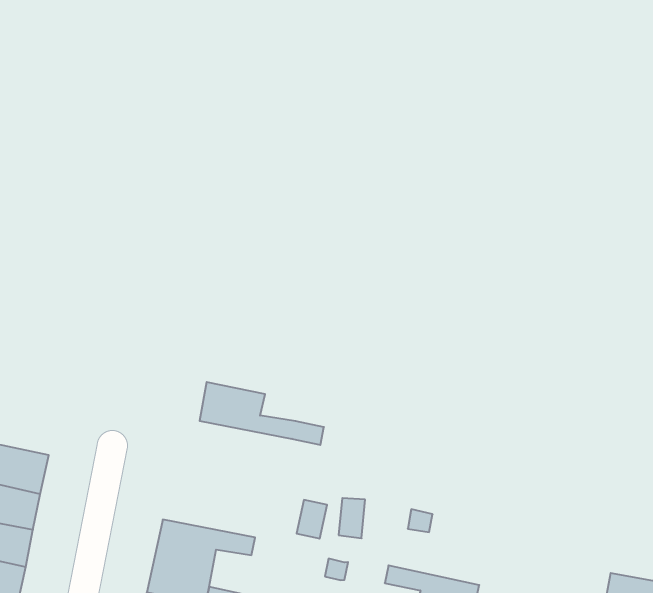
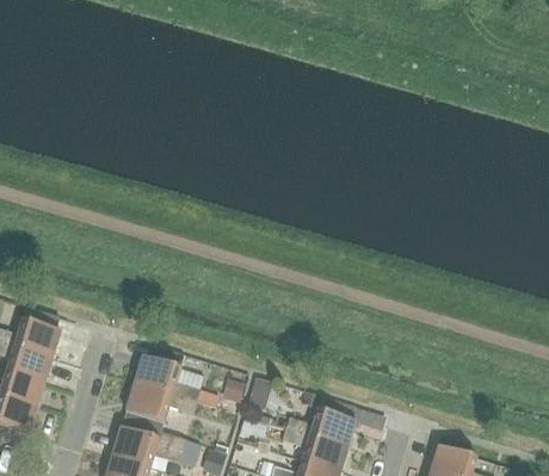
building: [200,382,324,445] -> [134,358,218,408]
building: none -> [285,412,354,449]

